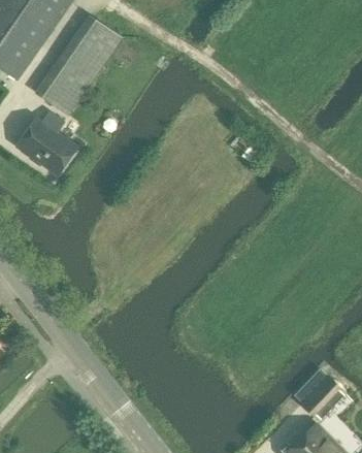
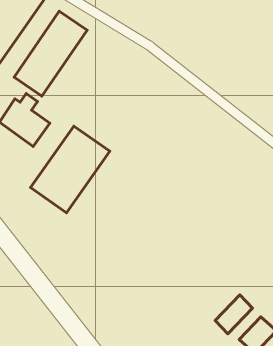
building: none -> [31,126,110,213]
building: none -> [215,295,253,334]

